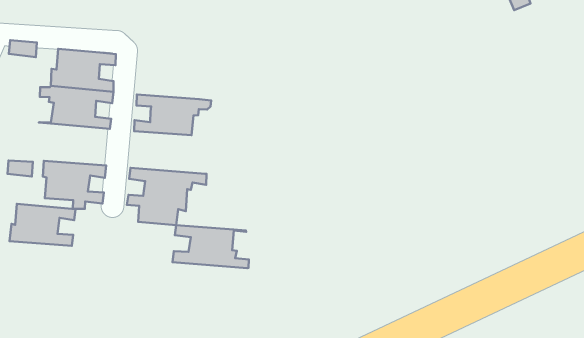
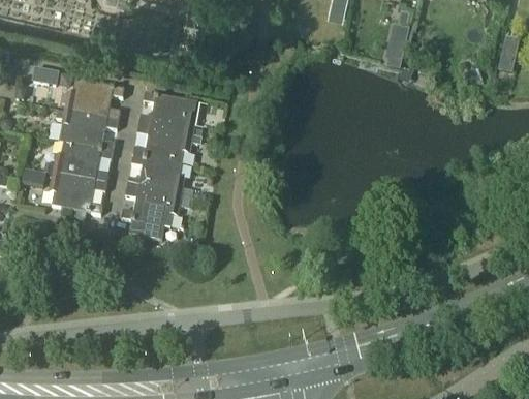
building: none -> [137,94,196,135]
building: [10,204,76,246] -> [53,144,112,184]
building: [173,225,249,268] -> [126,157,191,200]

